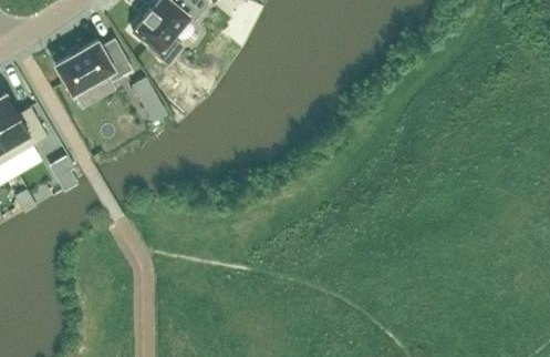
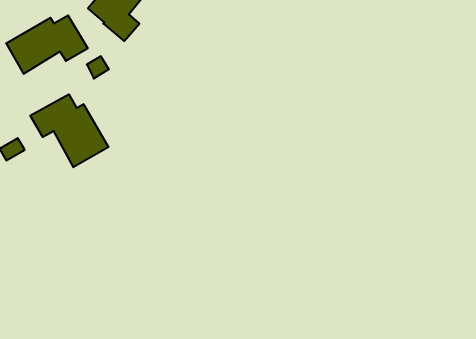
building: none -> [30,94,108,167]

